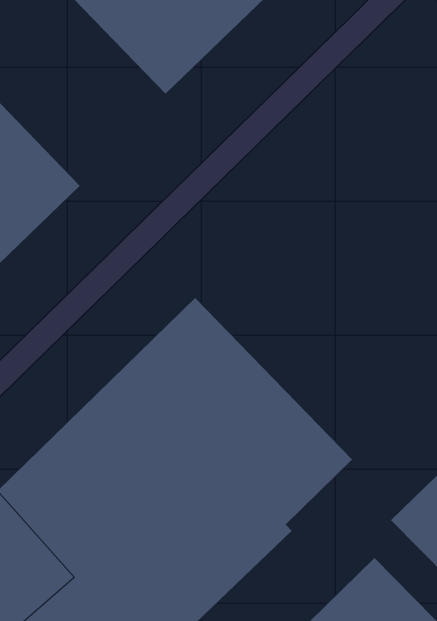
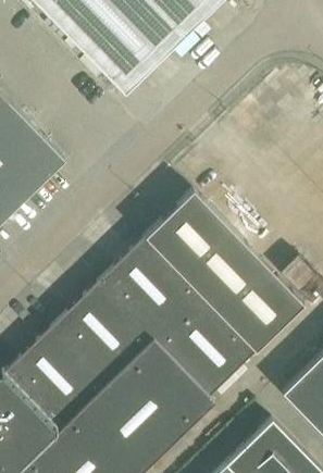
building: none -> [145,190,303,351]

